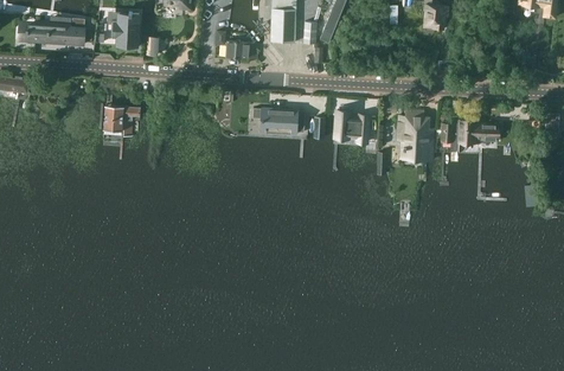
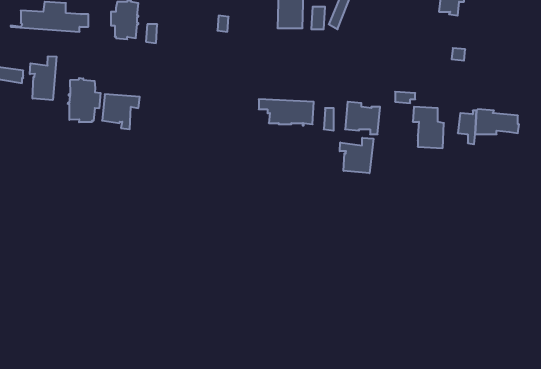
building: [224,41,256,59] -> none
building: none -> [30,56,57,100]
building: none -> [68,78,101,122]
building: none -> [340,138,373,173]

